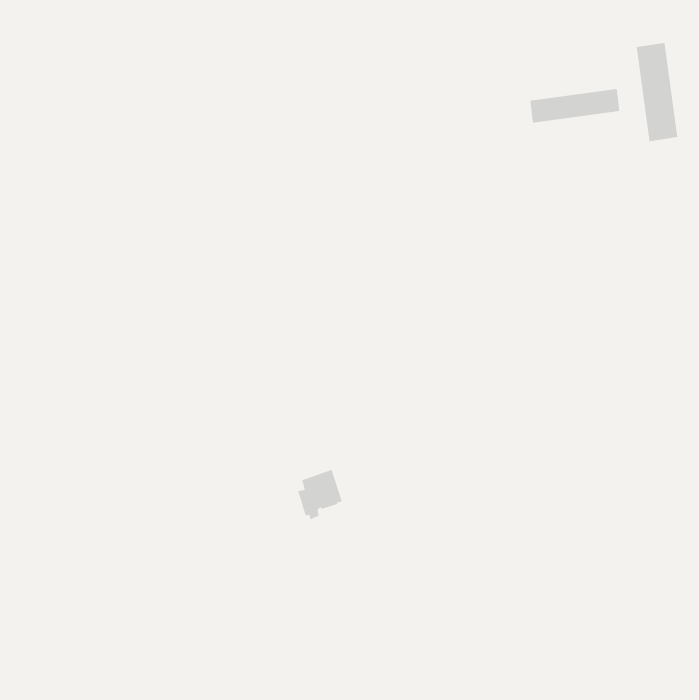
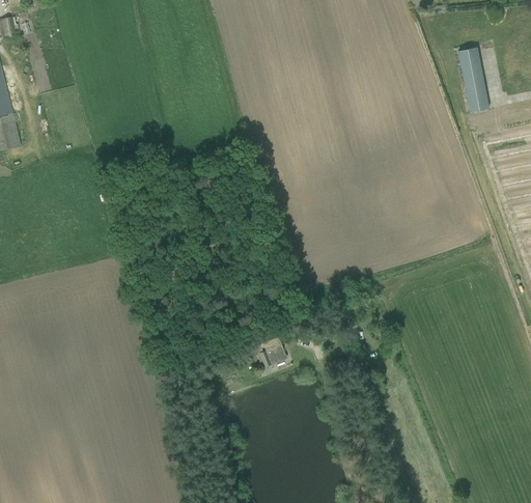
building: [529,88,620,123] -> none

